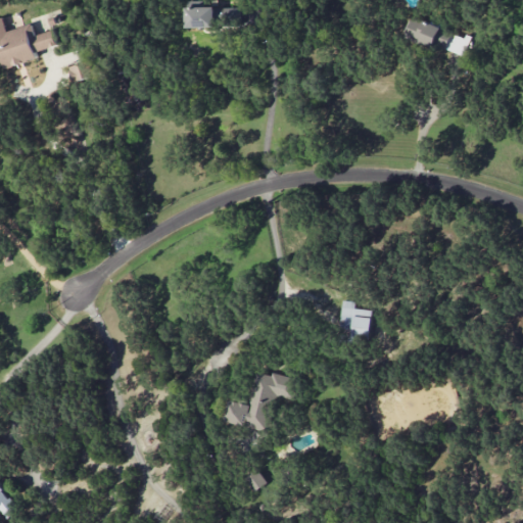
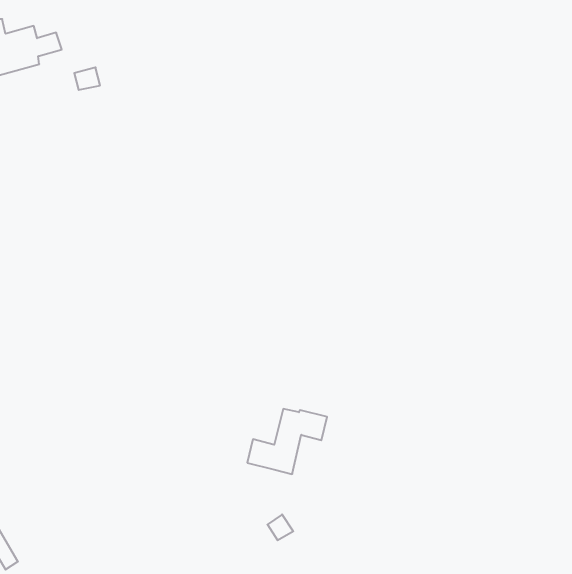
building: [183,6,213,28] -> none
building: [402,18,469,55] -> none
building: [339,300,368,338] -> none

